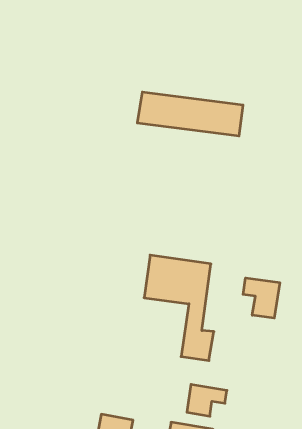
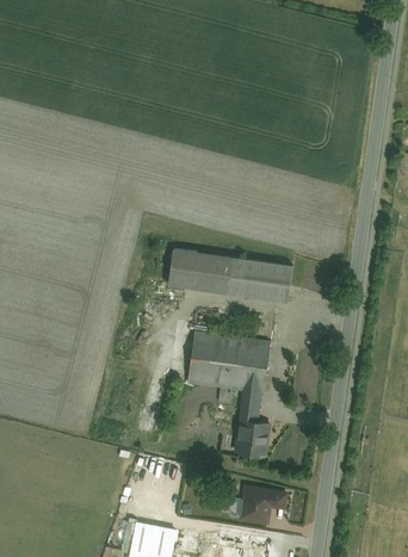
building: [137,92,243,136] -> [166,249,292,302]
building: [243,278,280,318] -> none

